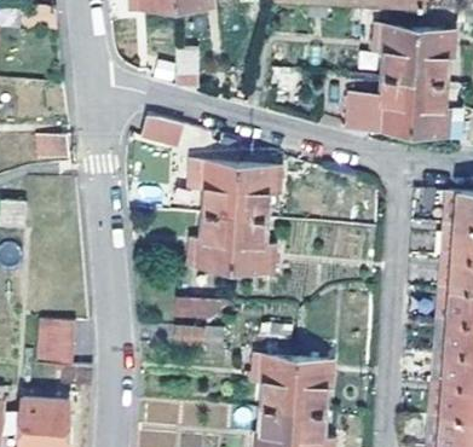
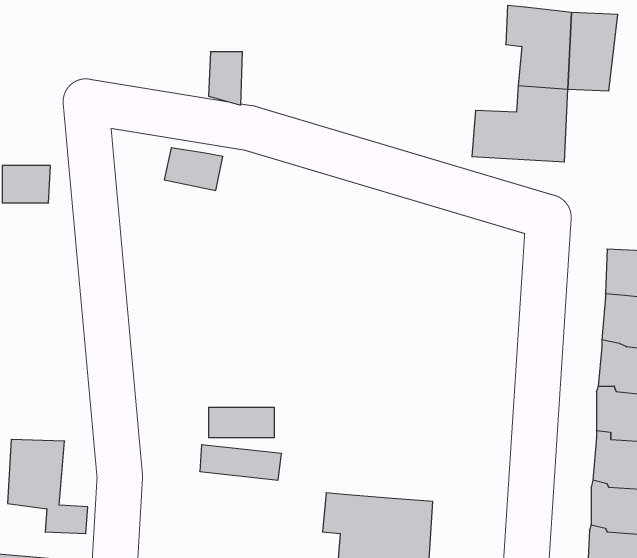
building: [417,83,448,135] -> none
building: [189,163,283,272] -> none

